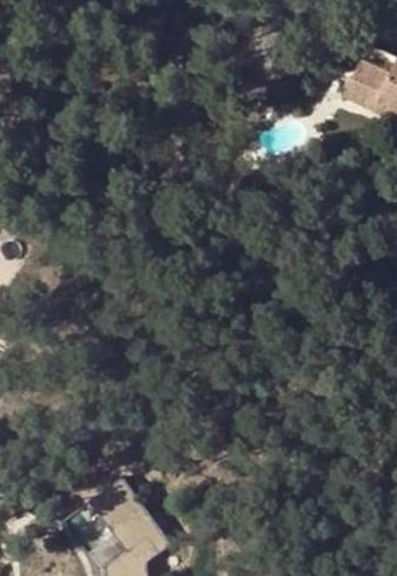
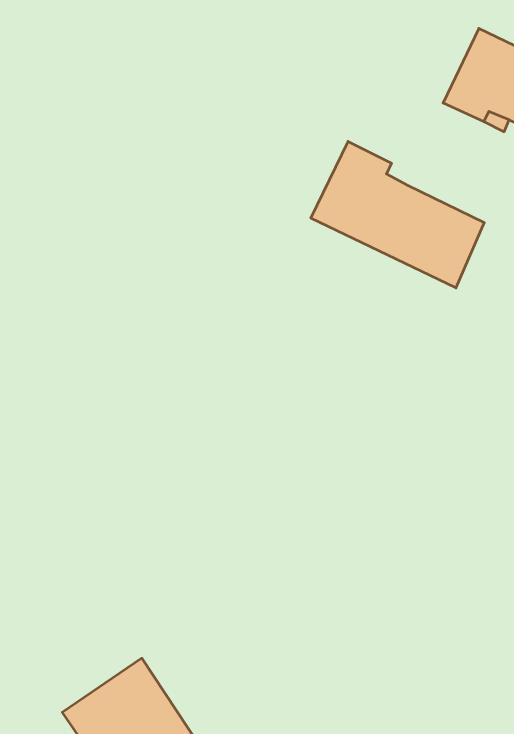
building: none -> [311,141,484,288]

